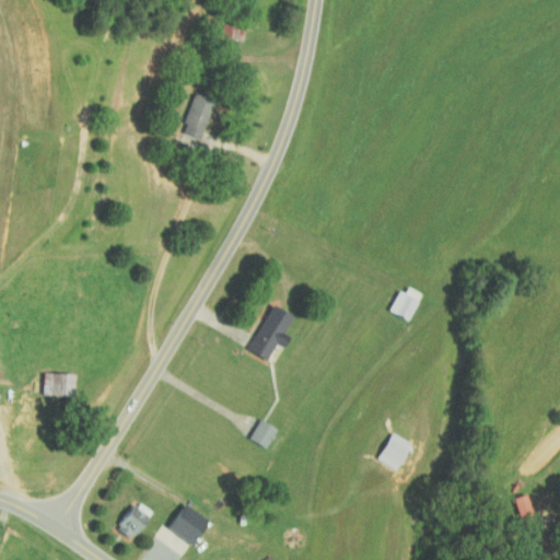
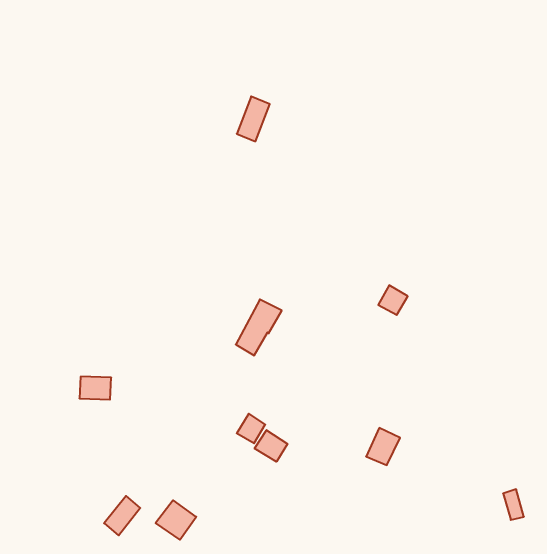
building: [182,94,214,139] -> [237,96,270,141]
building: [44,373,75,396] -> [79,377,111,400]
building: none -> [255,430,287,462]

